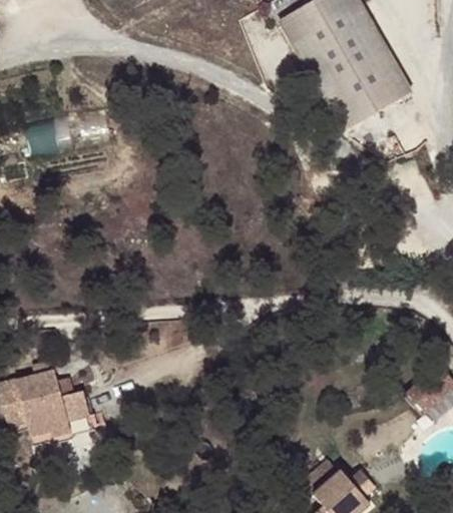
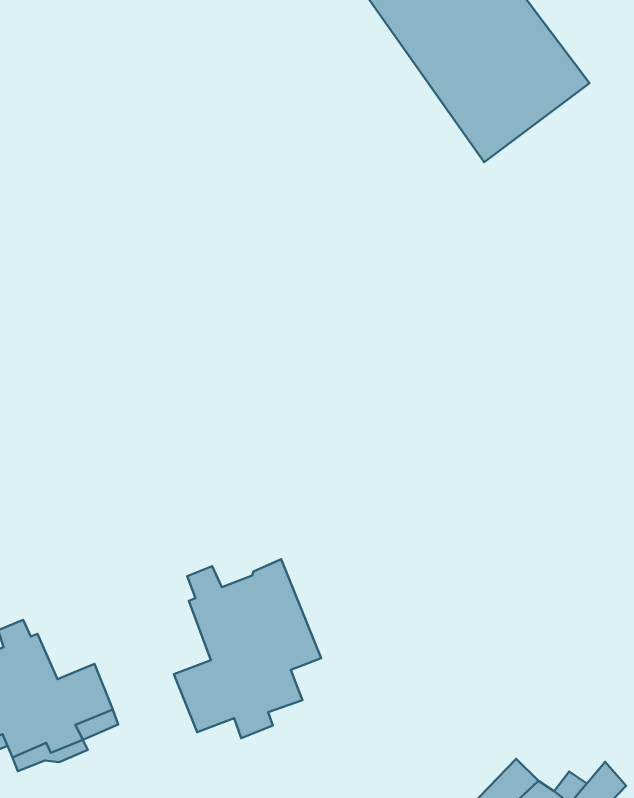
building: none -> [174,559,321,738]

